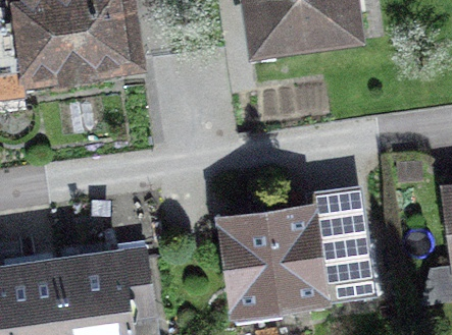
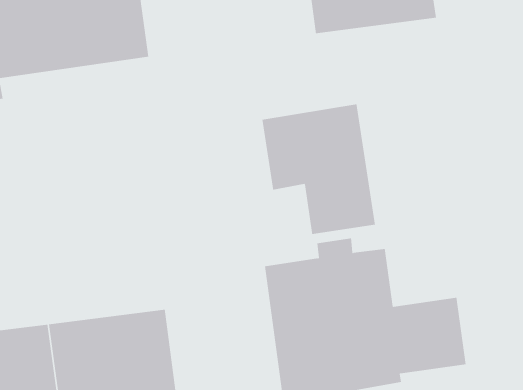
building: none -> [262,103,376,235]

